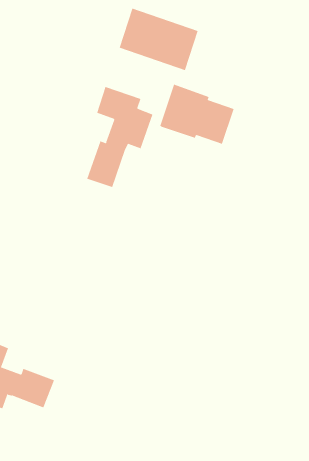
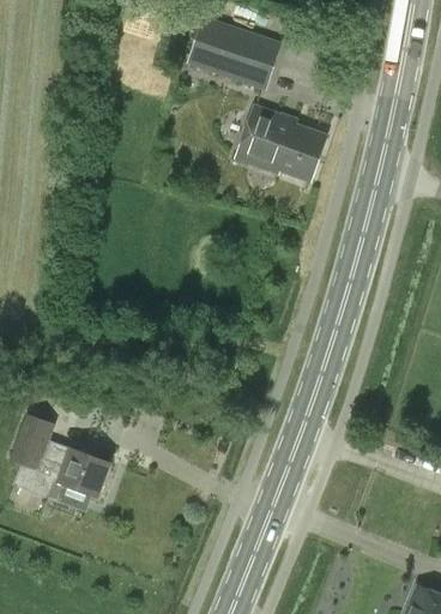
building: [87,86,153,188] -> none

